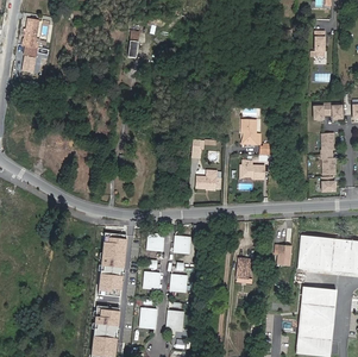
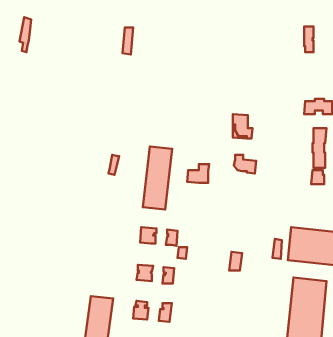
building: [96,232,126,296] -> [143,146,172,210]

